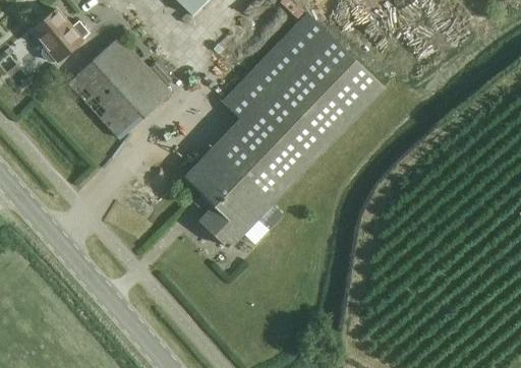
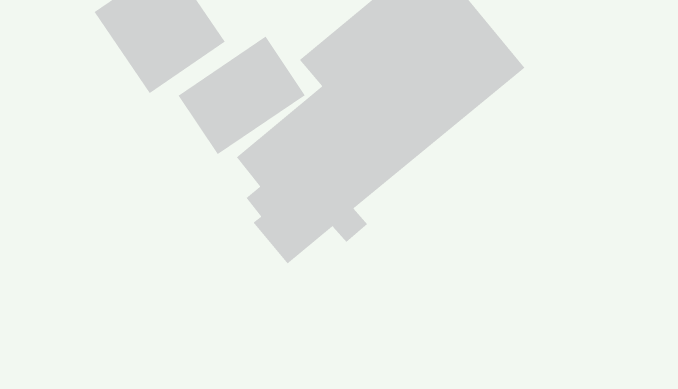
building: none -> [178,36,306,155]

